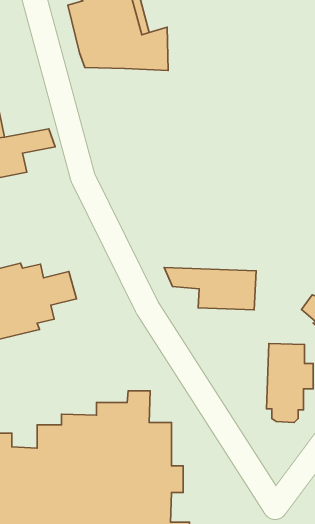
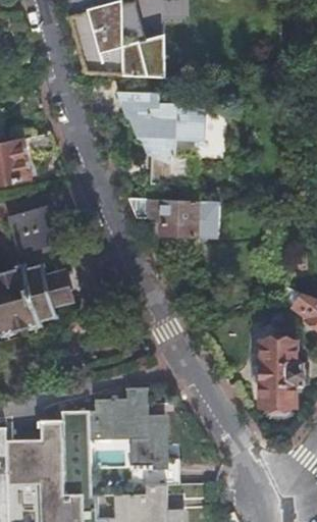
building: none -> [114,92,203,186]
building: none -> [7,204,57,248]
building: [164,268,256,310] -> [127,198,216,239]

